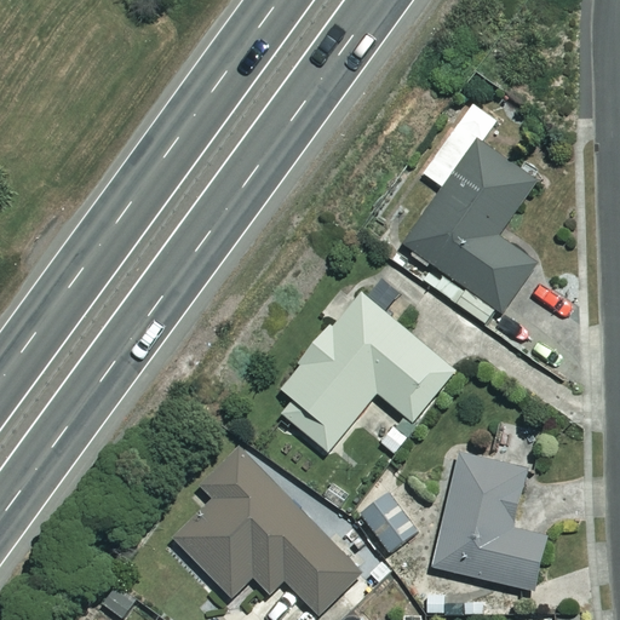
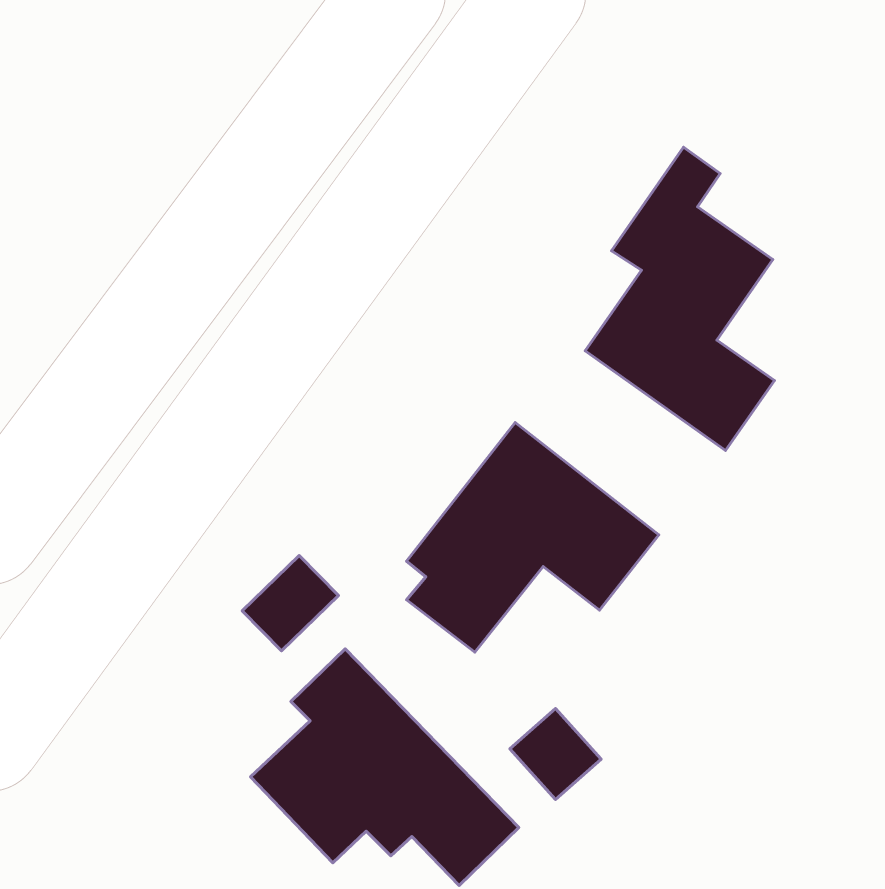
building: none -> [242,556,339,651]
building: [434,454,546,590] -> none

